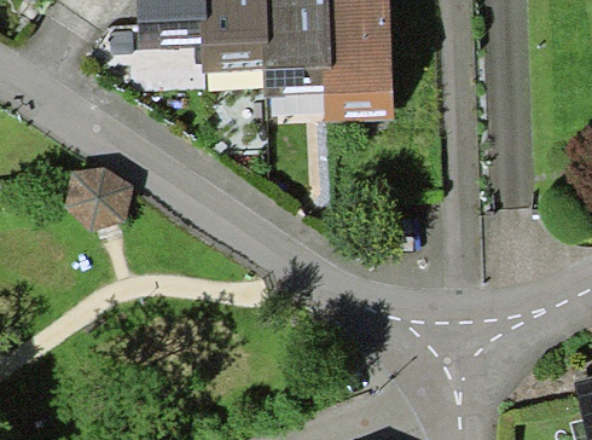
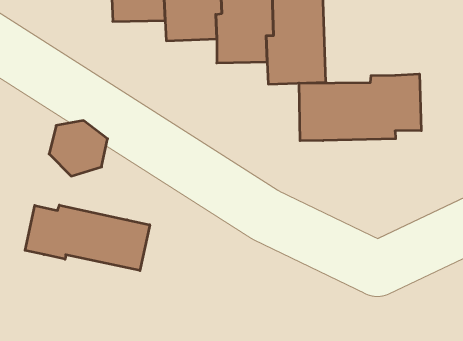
building: none -> [299,74,421,141]
building: none -> [25,205,150,271]

